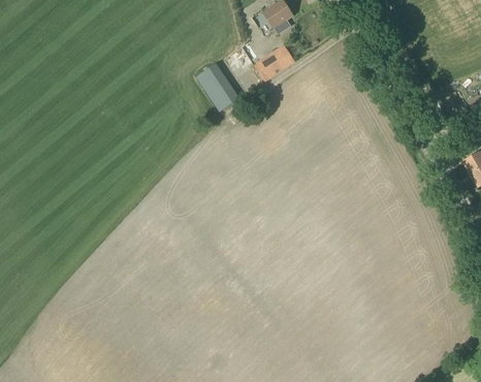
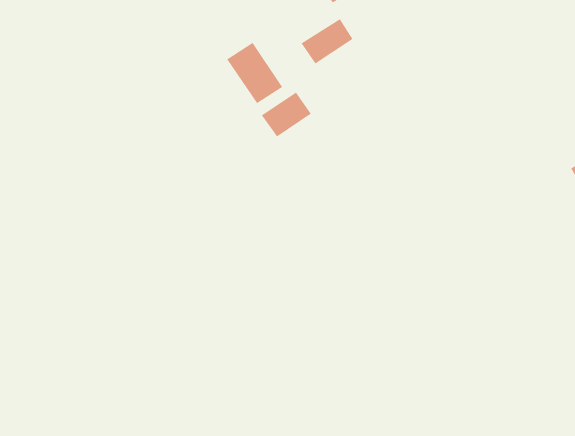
building: none -> [261,91,312,138]

